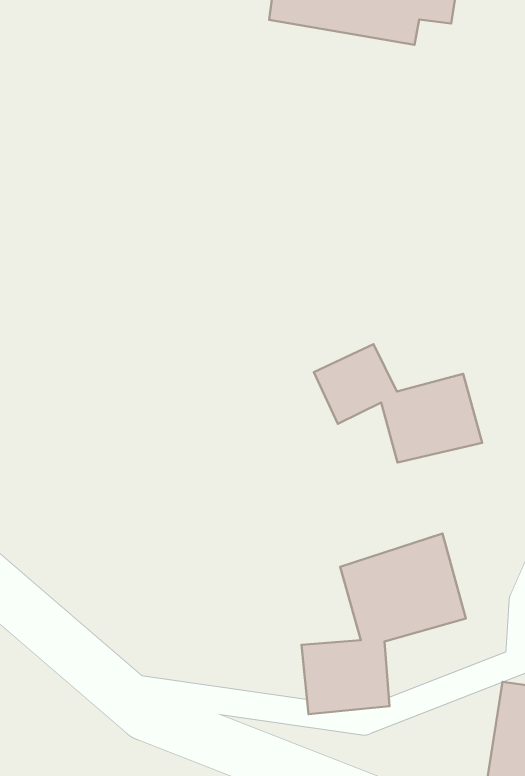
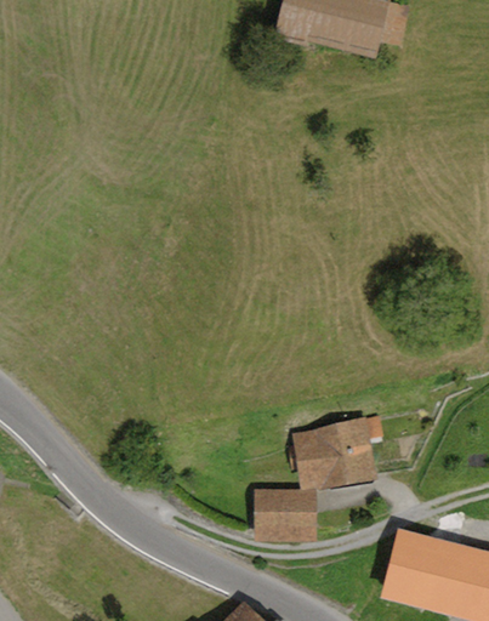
building: [314,344,482,462] -> none

